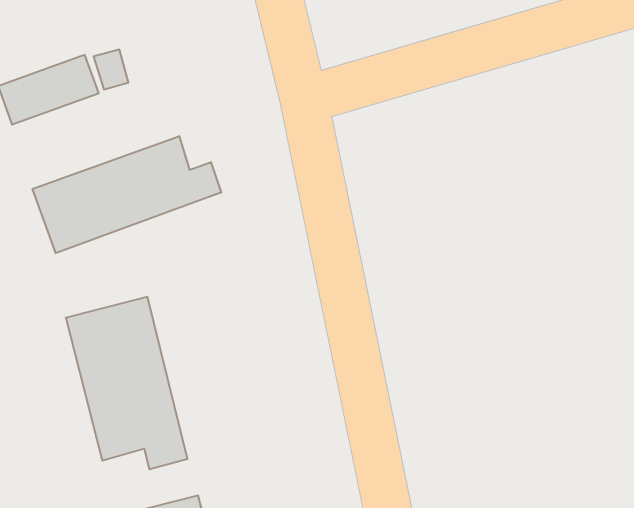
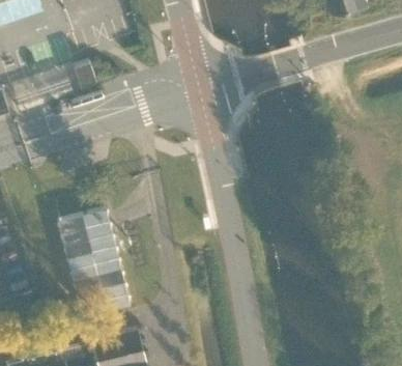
building: [33,136,221,253] -> none

